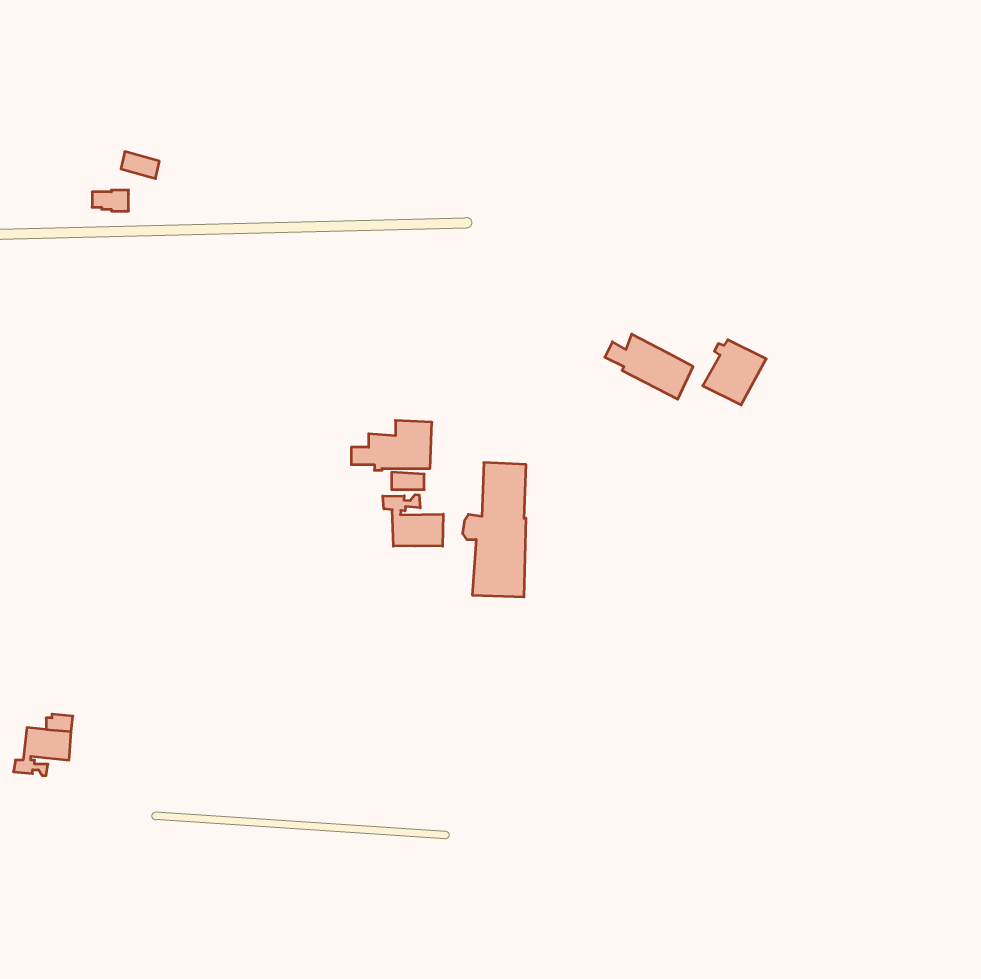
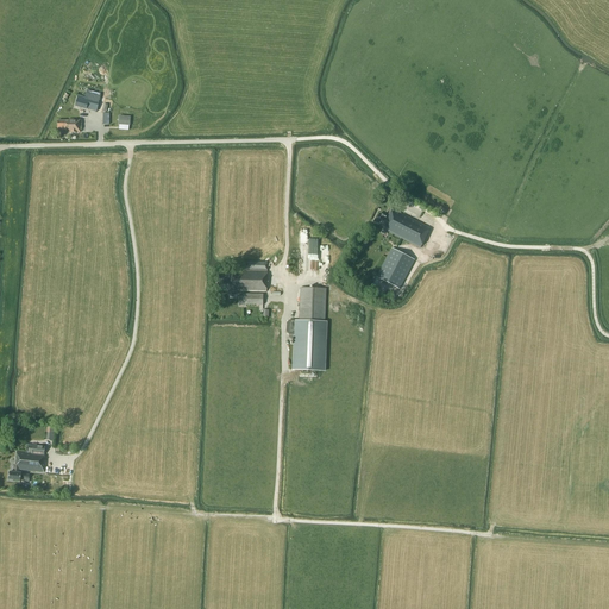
building: [703,340,766,405] -> [376,247,415,288]
building: [383,495,443,546] -> none

